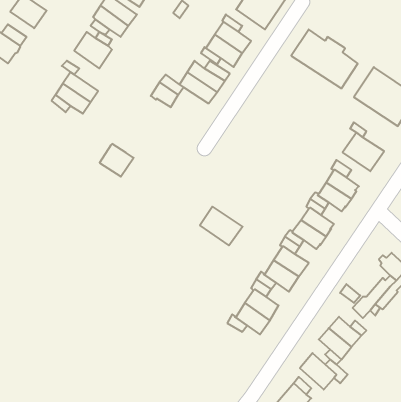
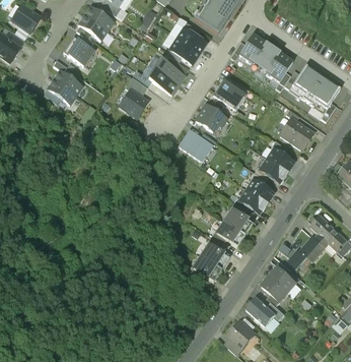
building: none -> [213,79,245,110]
building: none -> [196,105,226,131]
building: [100,144,134,177] -> [120,90,147,117]
building: [200,207,243,245] -> [179,130,213,162]

